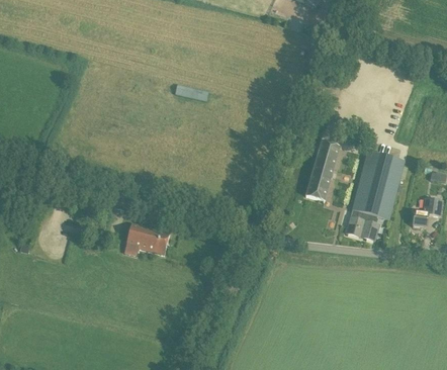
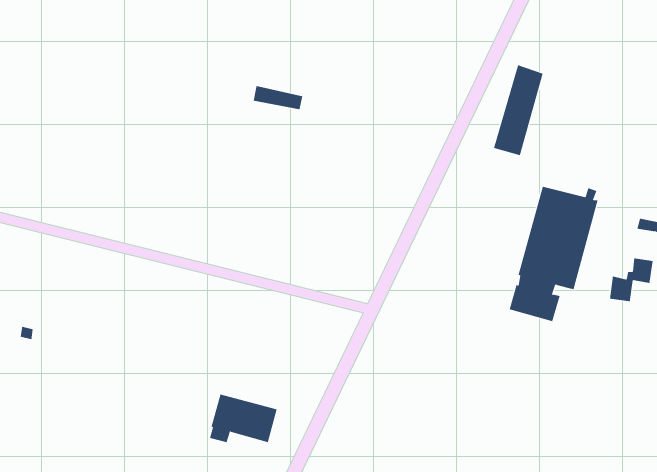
building: [305,141,339,201] -> [493,65,544,156]
building: [124,222,170,255] -> [209,394,278,443]

